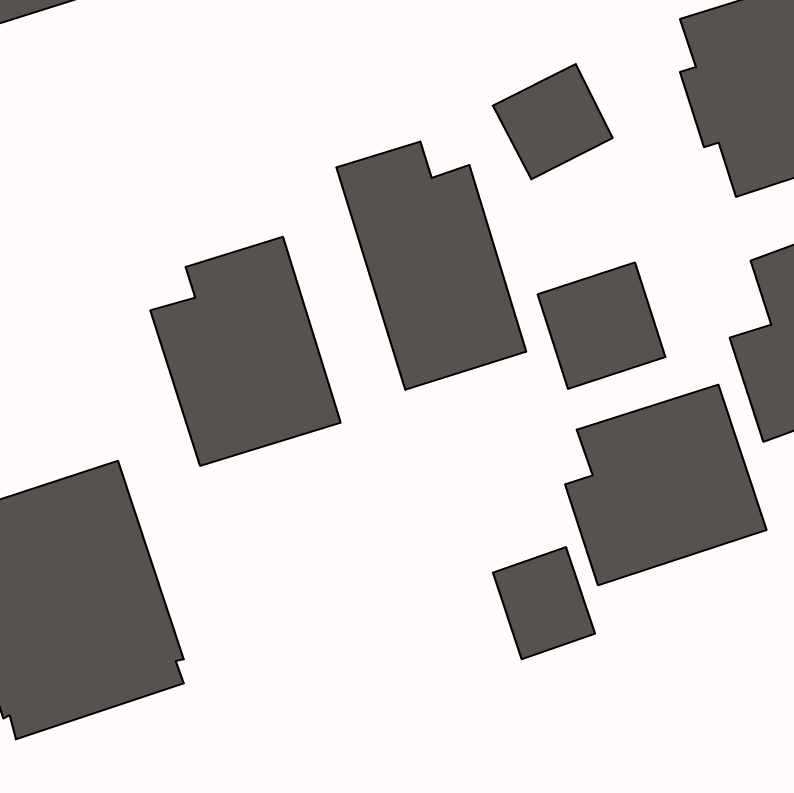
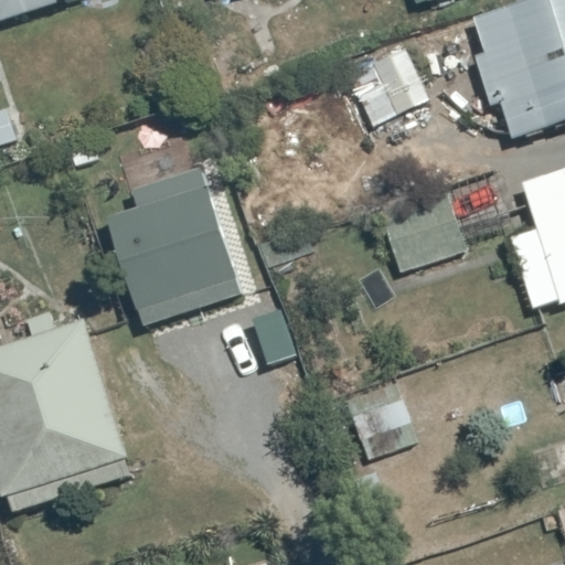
building: [336,141,526,390] -> none
building: [565,385,766,585] -> none

